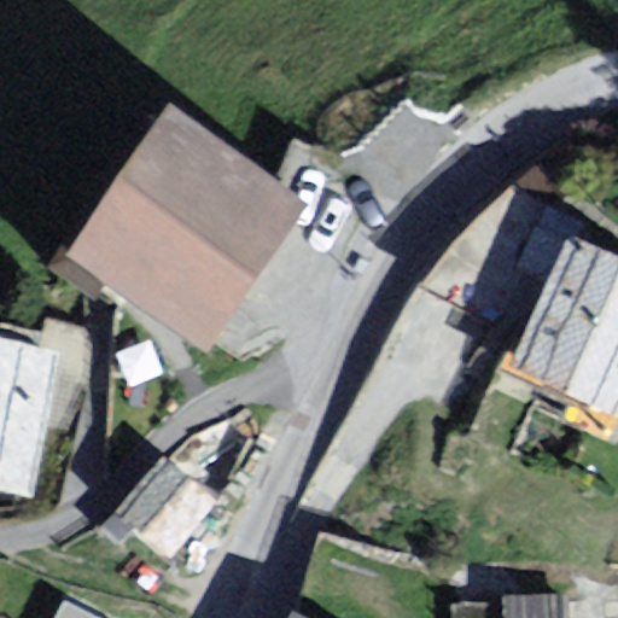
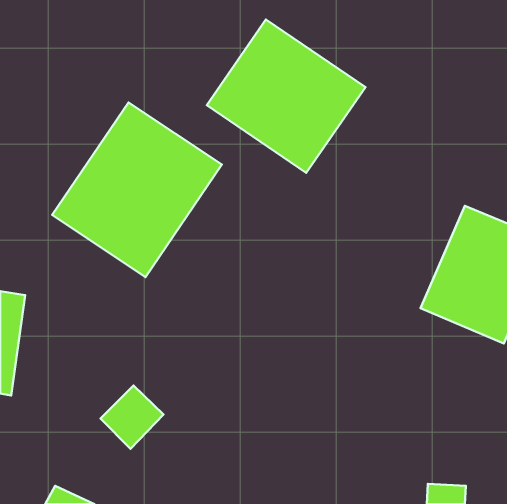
building: none -> [207,20,365,173]

